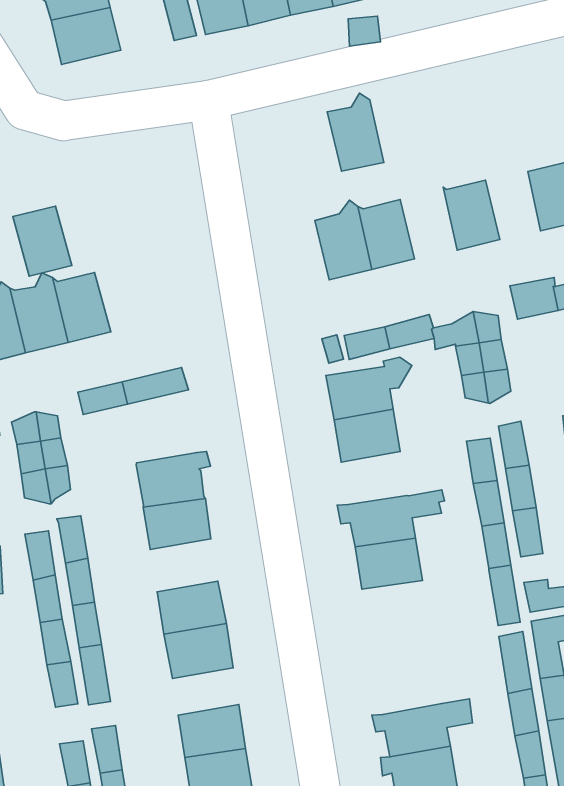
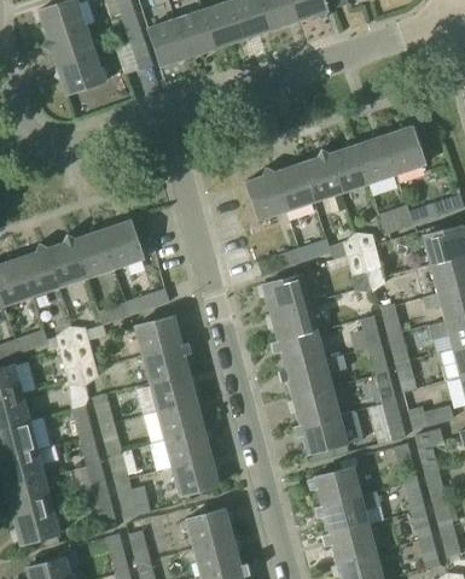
building: [327,93,384,171] -> [301,148,342,201]
building: none -> [356,136,396,183]
building: [13,206,72,276] -> [101,221,144,269]
building: none -> [134,315,181,355]
building: none -> [271,331,324,369]
building: none -> [156,400,203,439]
building: none -> [293,410,364,455]
building: none -> [307,467,360,507]

